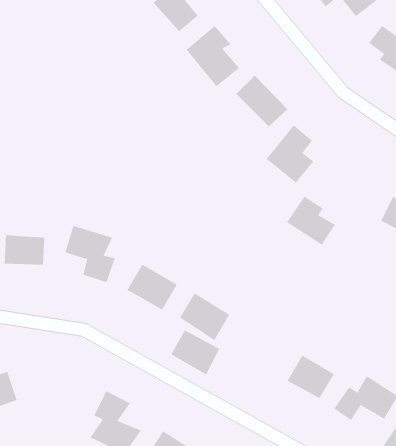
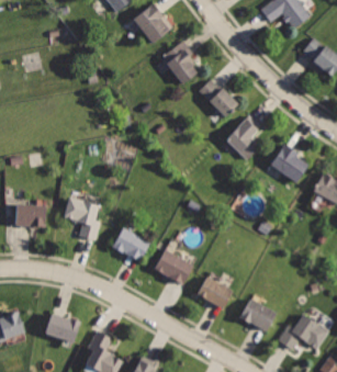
building: [286,196,336,246] -> [268,143,307,182]
building: [171,330,220,375] -> [195,275,235,312]
building: none -> [42,312,81,343]

